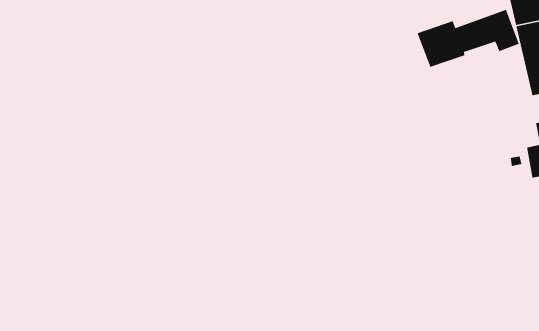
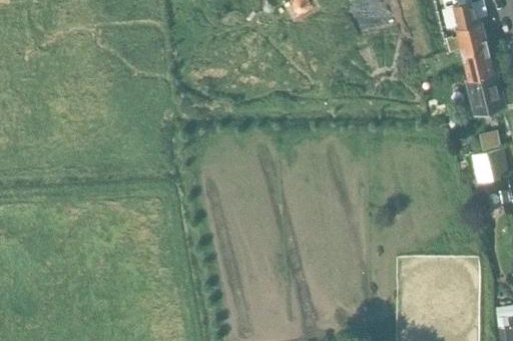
building: [416,9,520,68] -> none

